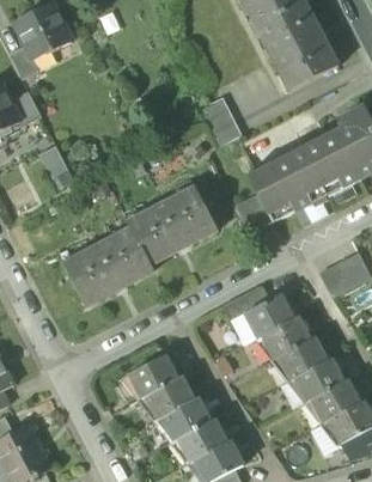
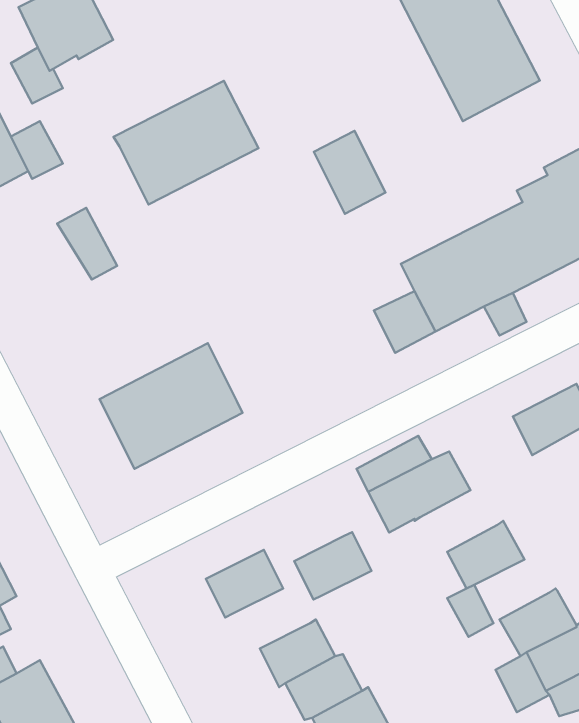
building: [127,187,217,263] -> [114,81,258,204]
building: [262,317,310,359] -> none
building: [295,359,342,401] -> none
building: [146,377,194,419] -> [294,532,371,600]

